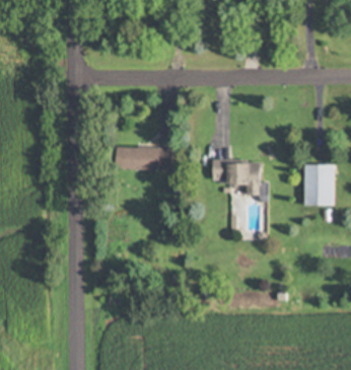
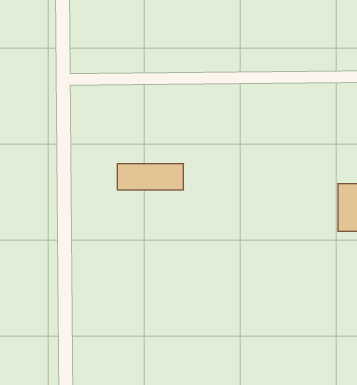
building: [213,162,261,194] -> none

